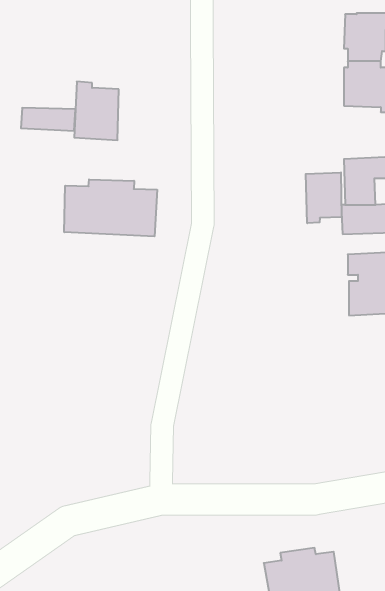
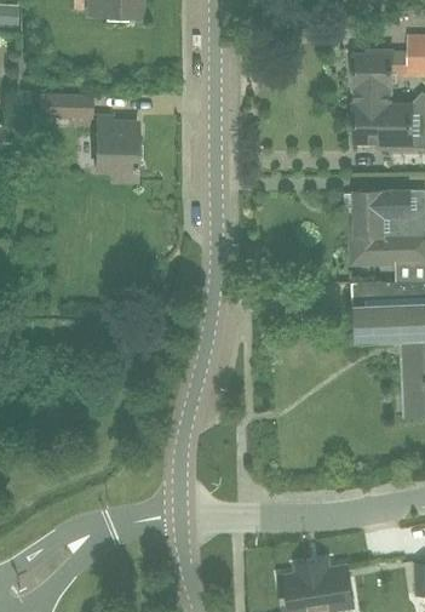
building: [21,108,76,131] -> [41,97,93,119]
building: [306,172,341,223] -> none
building: [64,179,157,236] -> none

